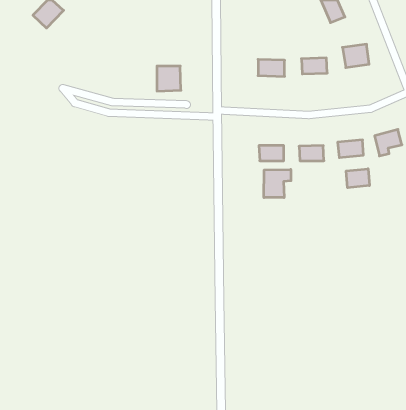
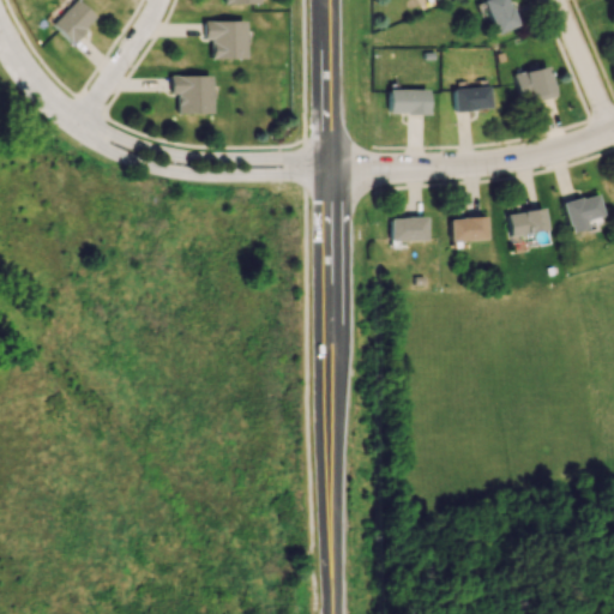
building: none -> [213,20,249,59]
building: [157,66,181,91] -> [180,77,216,114]
building: [346,169,369,188] -> none
building: [264,169,291,198] -> none

